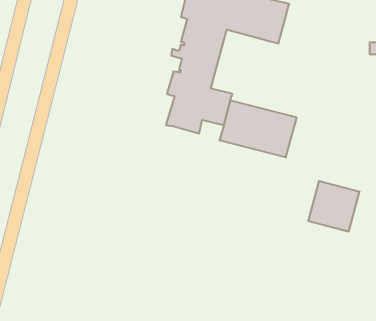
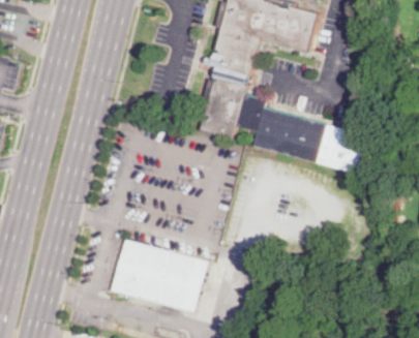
building: [308,181,360,231] -> [315,123,364,172]
building: none -> [110,239,207,312]

